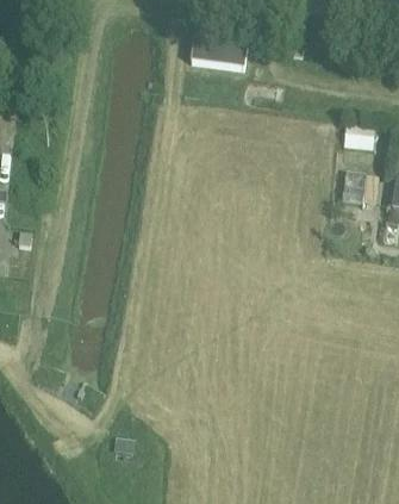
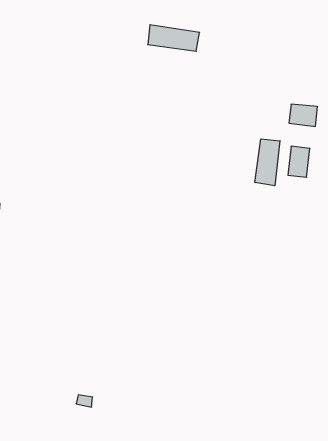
building: none -> [255,139,280,186]

